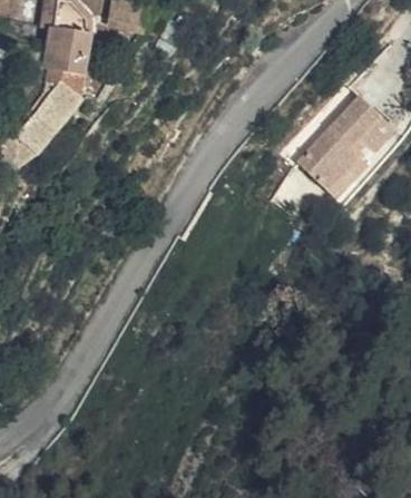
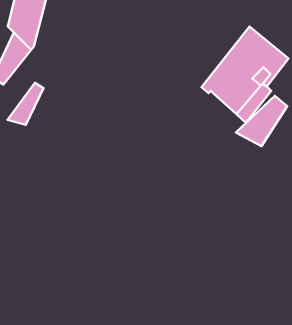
building: none -> [7,83,44,125]
building: none -> [236,96,287,146]

